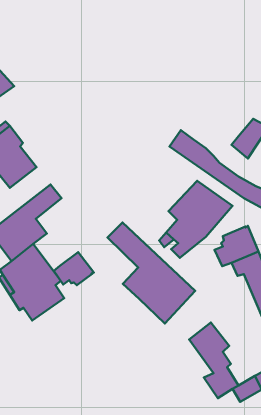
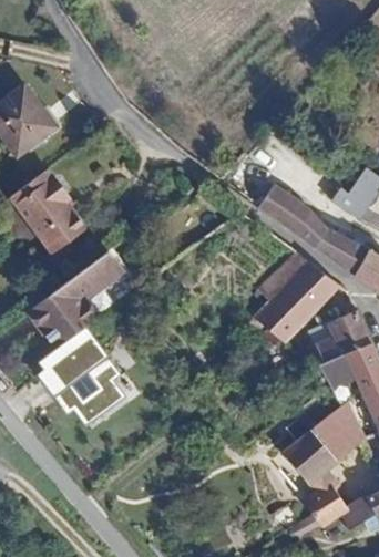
building: [107,222,195,324] -> none
building: [54,252,94,285] -> none
building: none -> [311,401,367,461]

